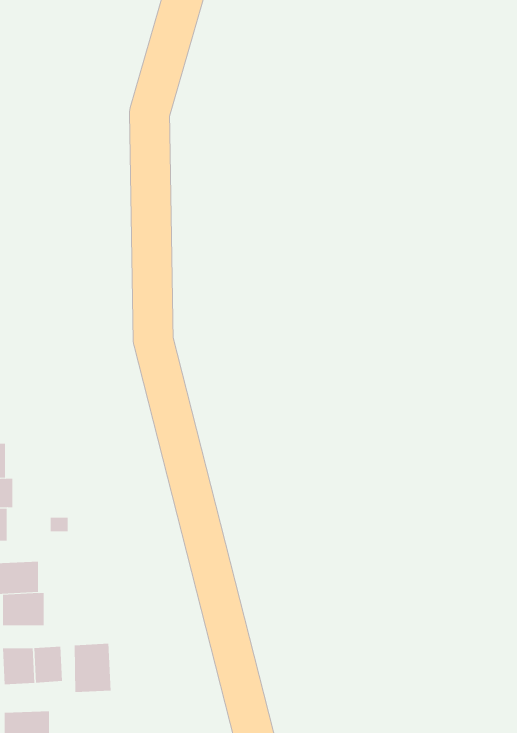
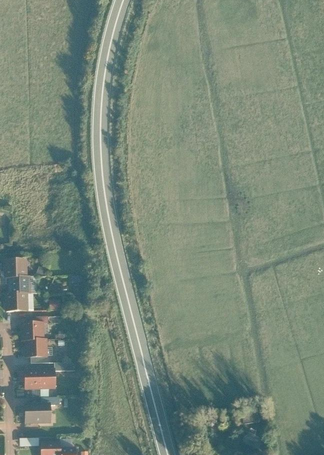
building: [74,643,111,693] -> none

